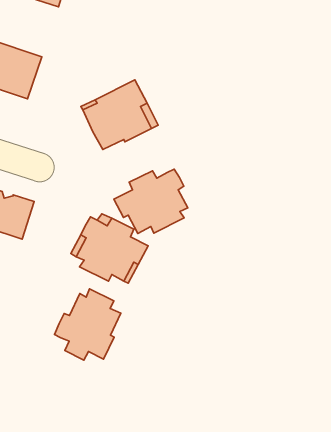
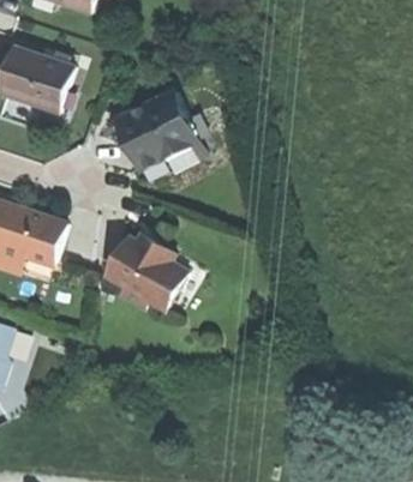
building: [114,169,188,233] -> none
building: [55,289,121,360] -> none

